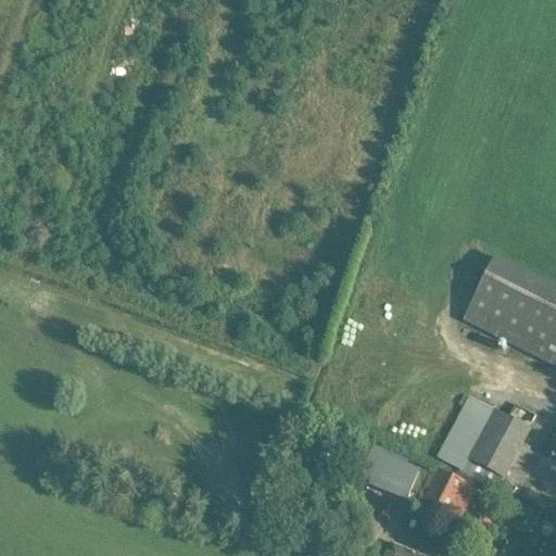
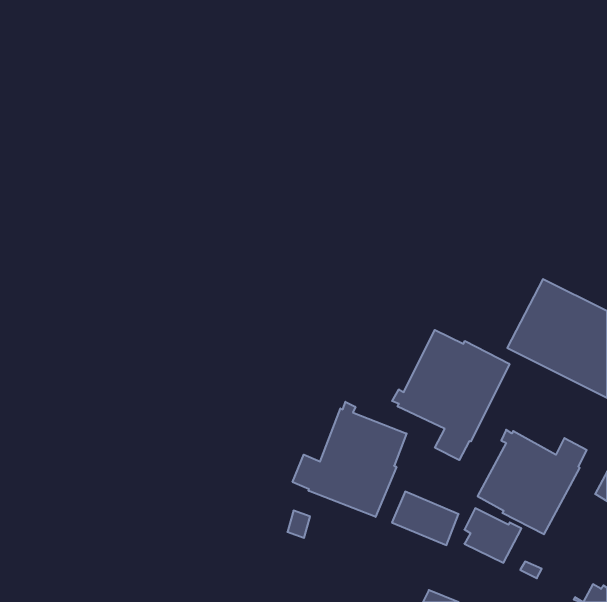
building: none -> [392,330,509,460]
building: none -> [293,402,407,517]

